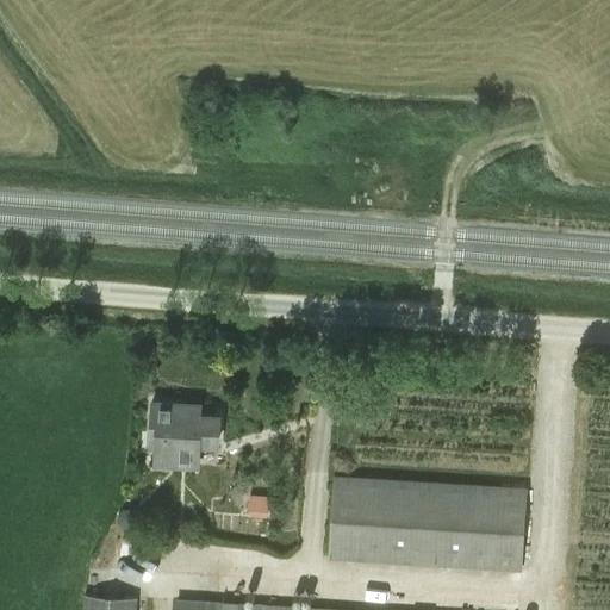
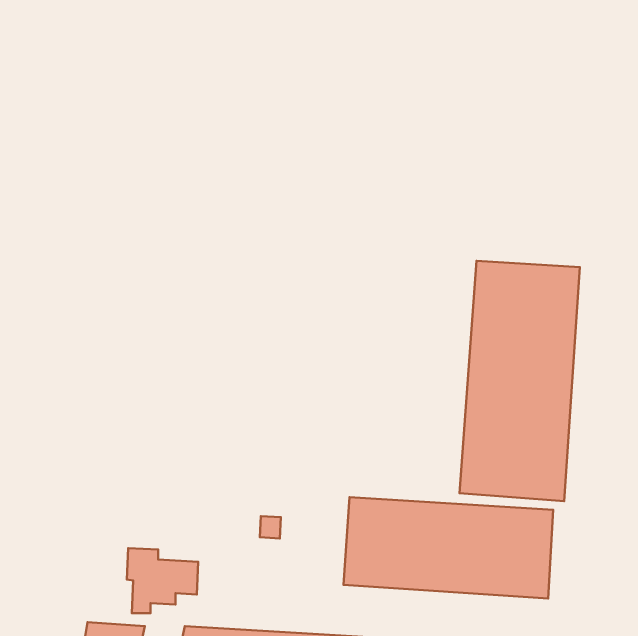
building: none -> [460,261,580,501]
building: [151,404,219,466] -> [127,548,198,613]

